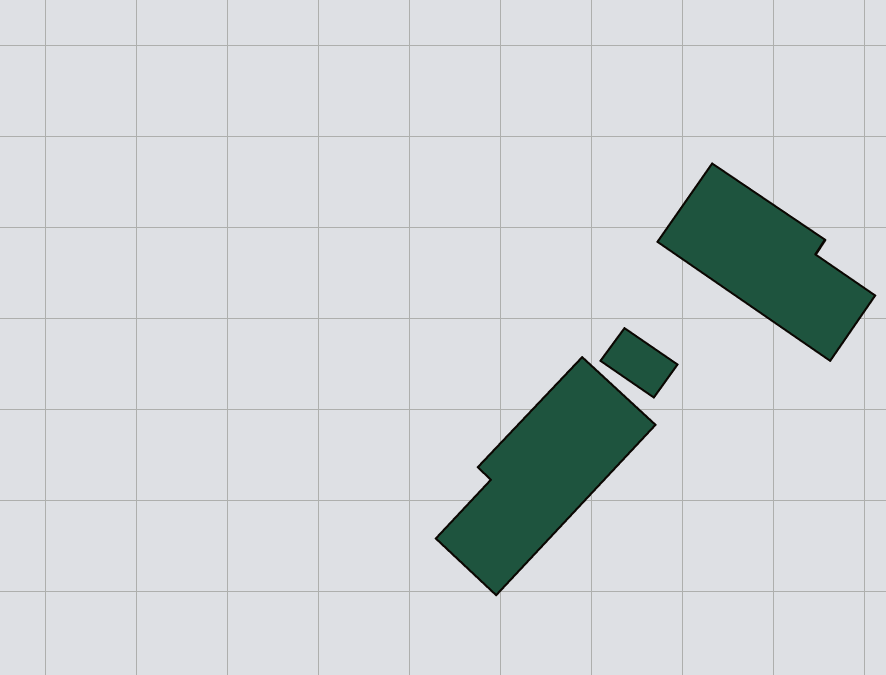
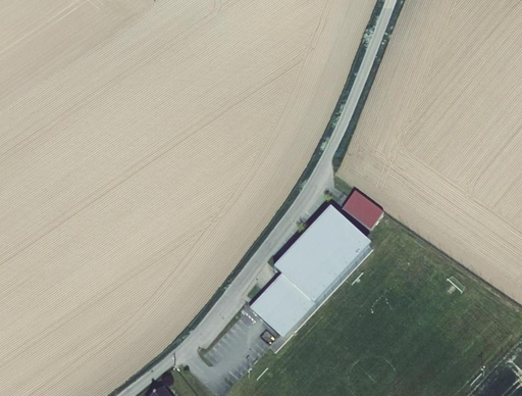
building: [658,163,875,361] -> none

